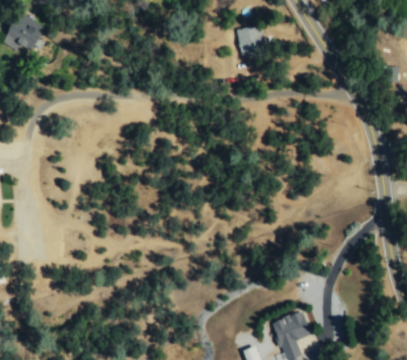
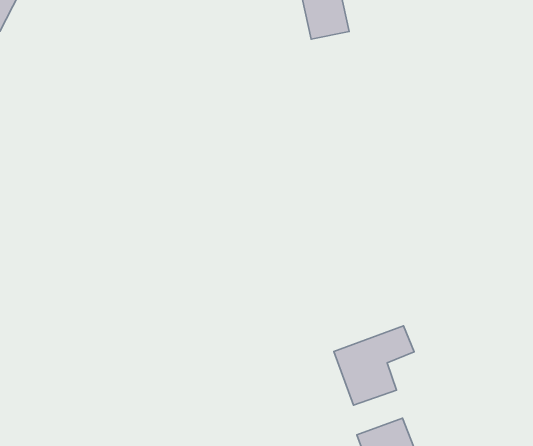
building: none -> [334,326,414,405]

